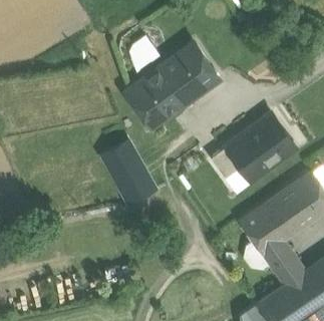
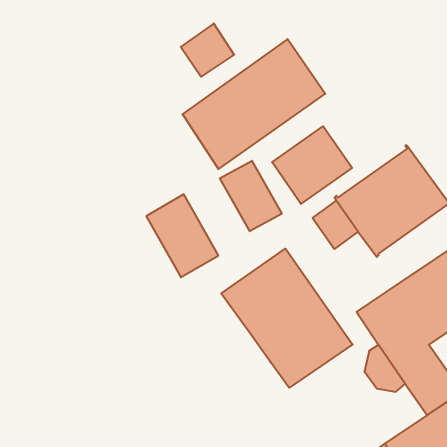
building: none -> [272,126,352,204]
building: none -> [220,161,282,231]
building: none -> [221,249,353,388]

